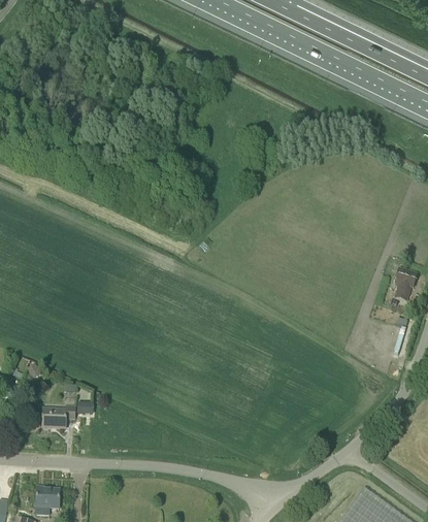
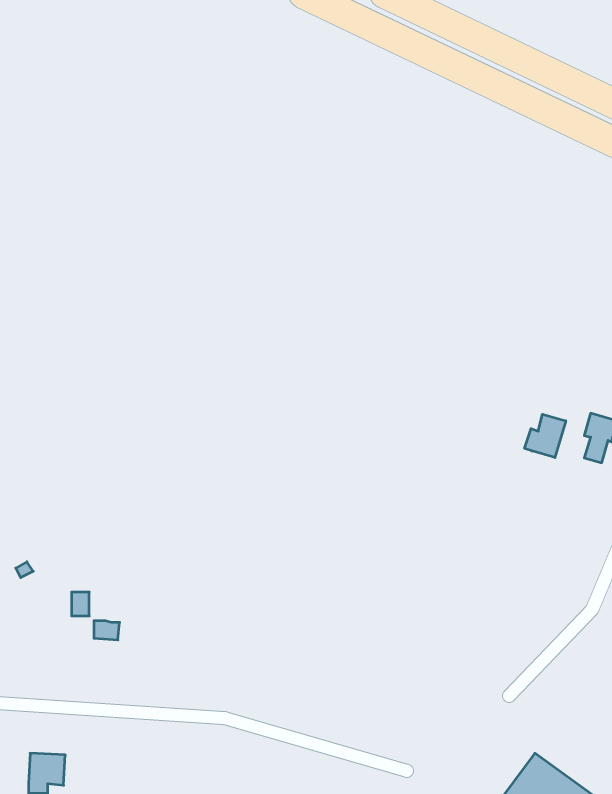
building: none -> [525,414,566,458]
building: [41,405,74,428] -> none

